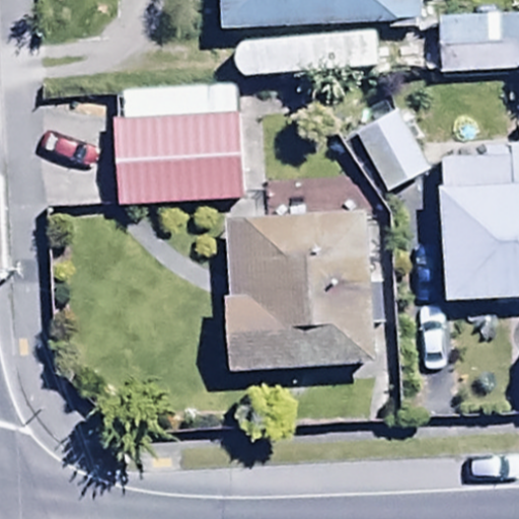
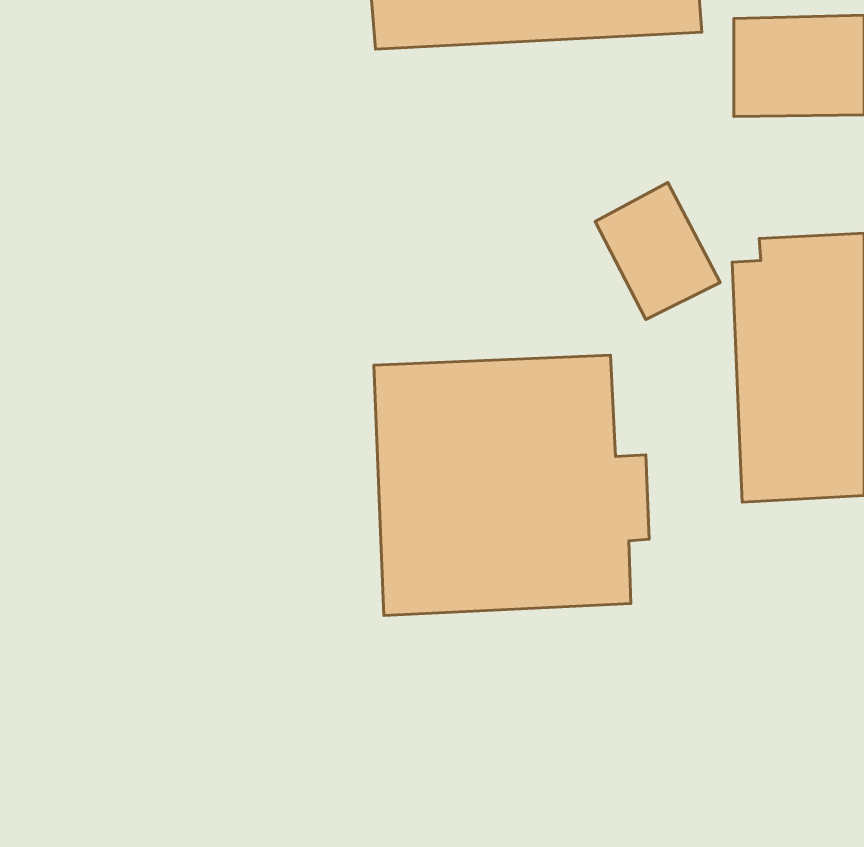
building: [113,81,254,205] -> none

